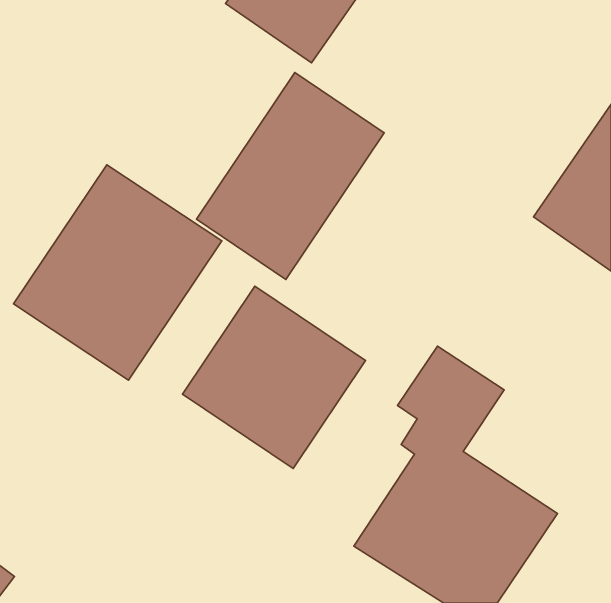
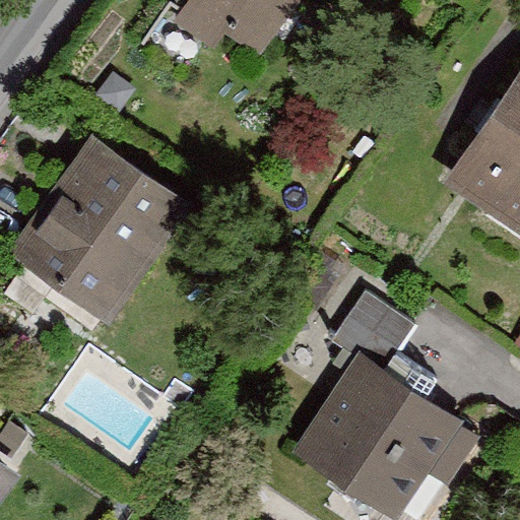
building: [197,73,384,280] -> none
building: [182,286,365,469] -> none

